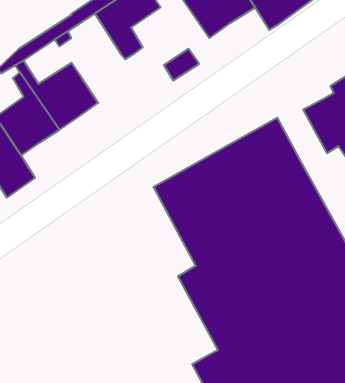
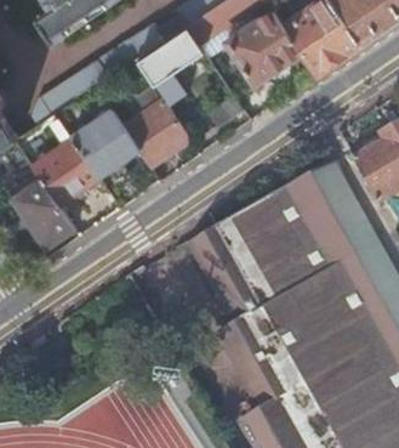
building: none -> [124,93,192,166]

